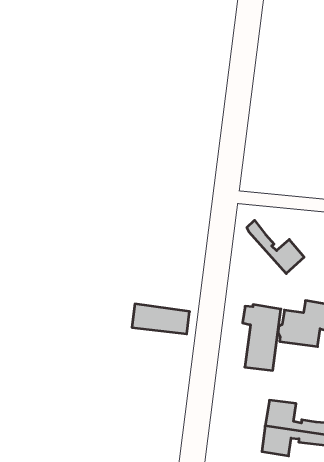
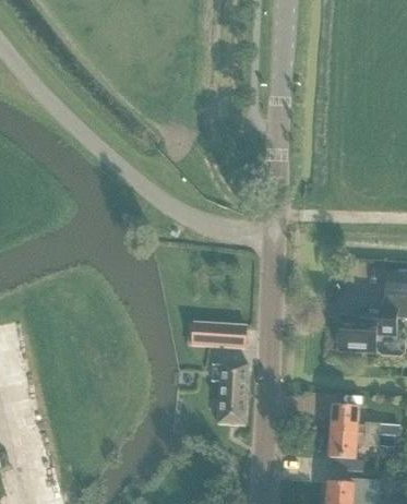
building: [247,220,304,274] -> none
building: [243,305,281,370] -> [212,362,248,424]

